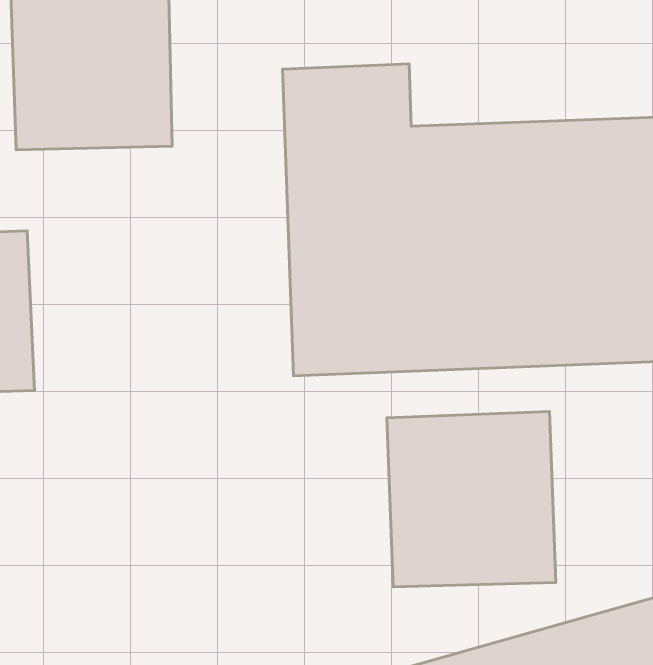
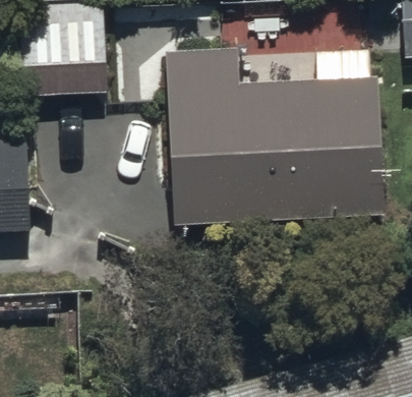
building: [387,411,556,587] -> none

